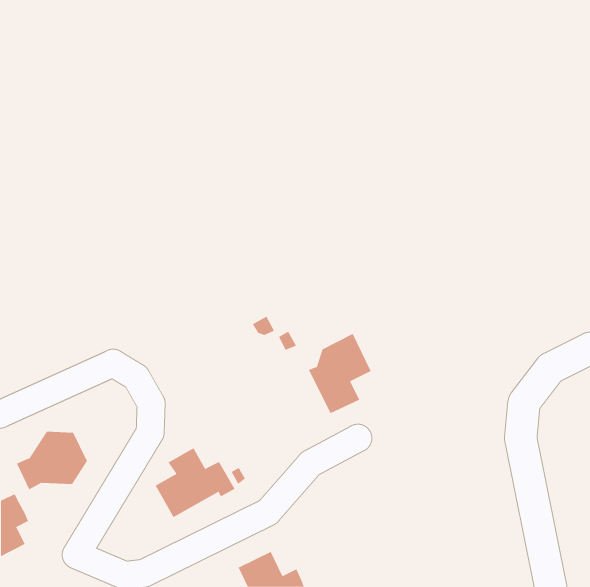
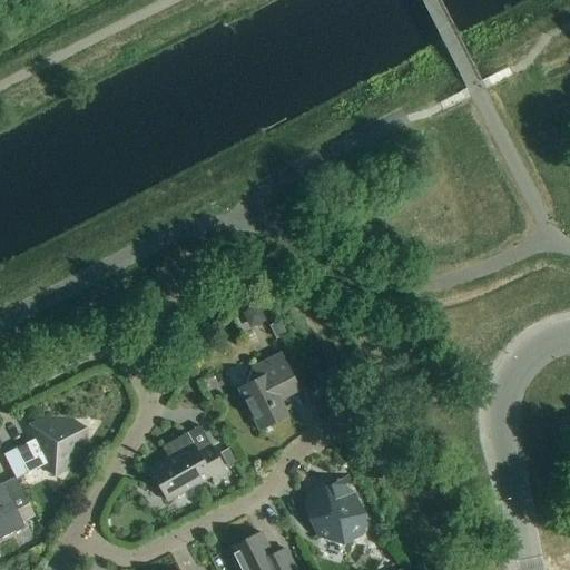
building: [308,333,372,414] -> [238,352,299,430]
building: none -> [306,482,365,541]

